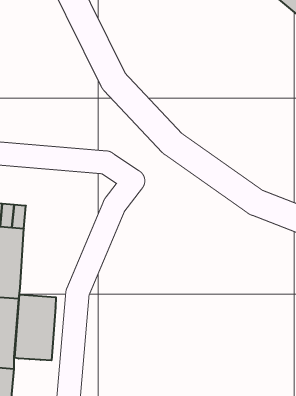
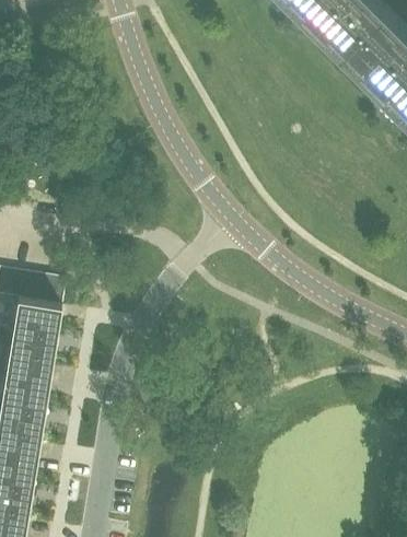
building: [15,294,56,360] -> none

